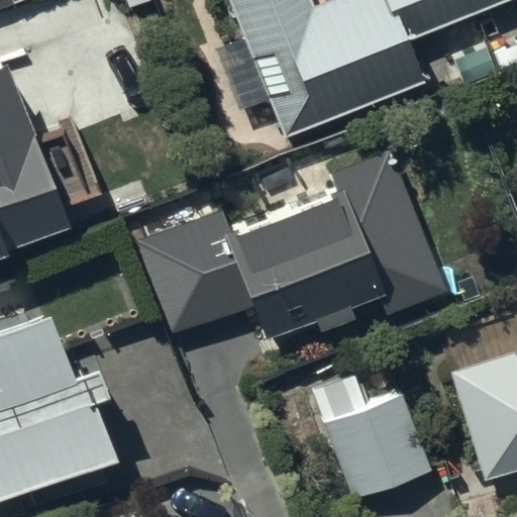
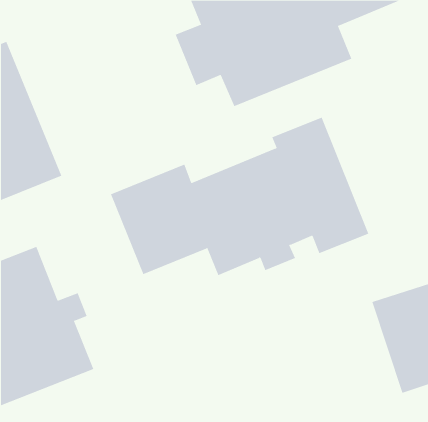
building: [323,393,432,503] -> none

